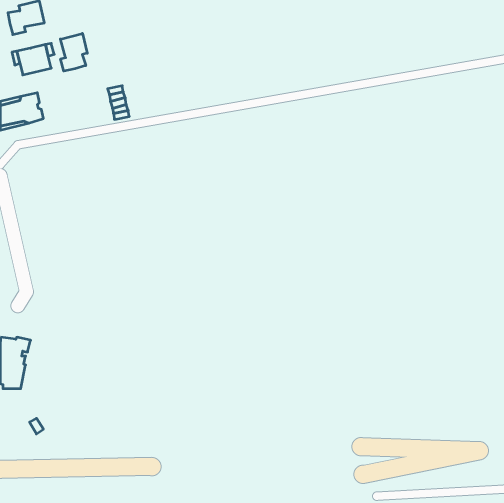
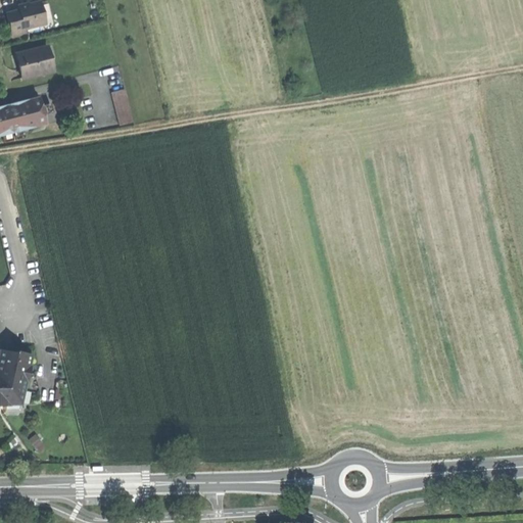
building: [60,33,87,71] -> none

